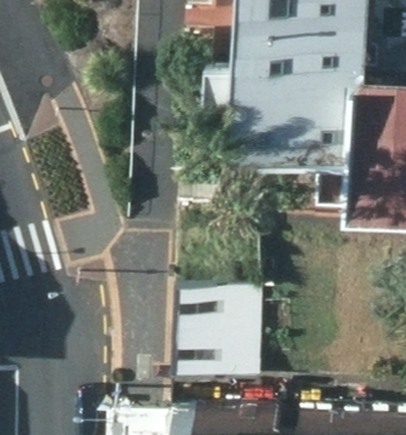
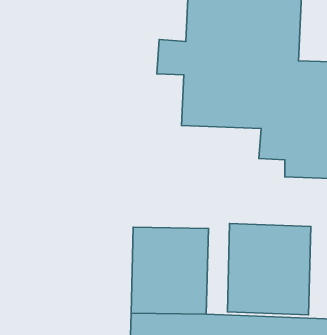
building: none -> [227,224,311,315]

